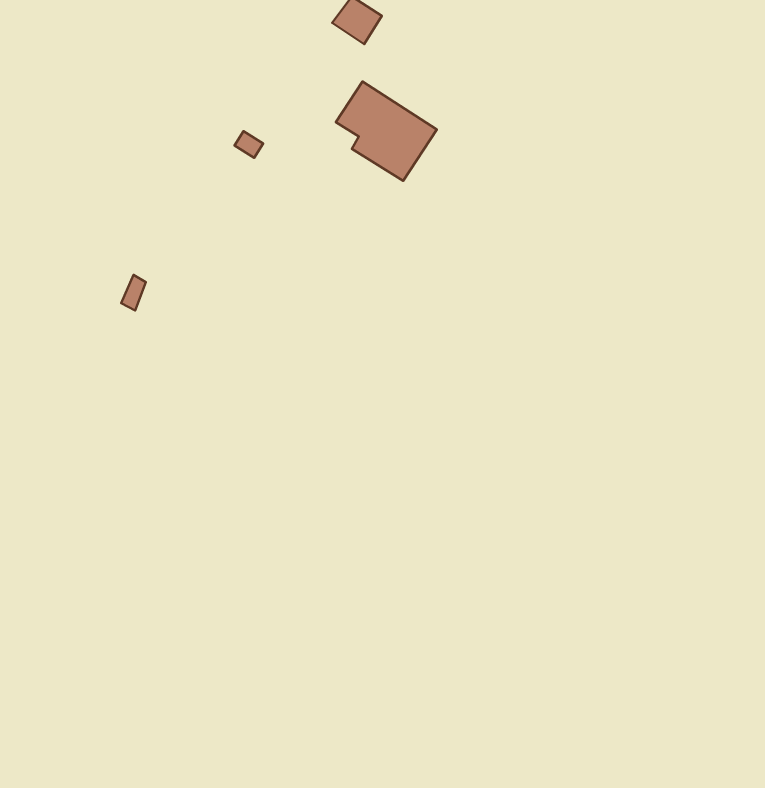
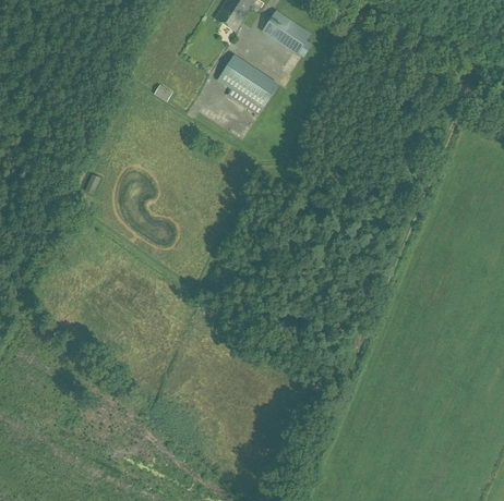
building: none -> [262,10,311,57]

